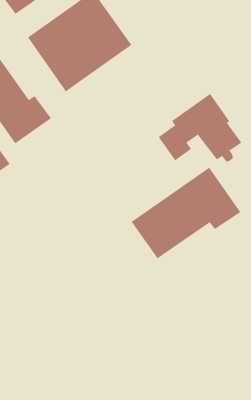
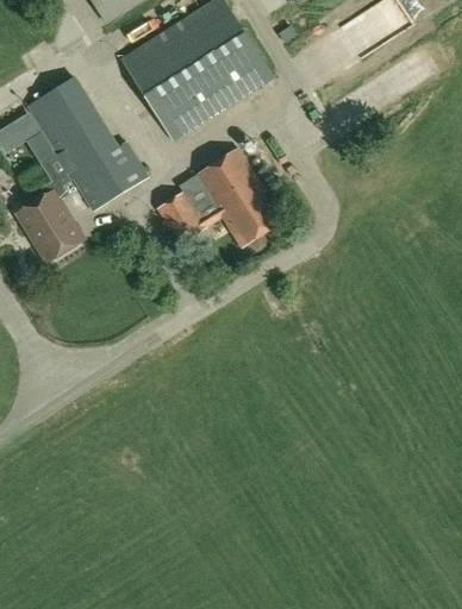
building: [158,93,242,162] -> [158,149,281,251]
building: [131,167,241,259] -> none

